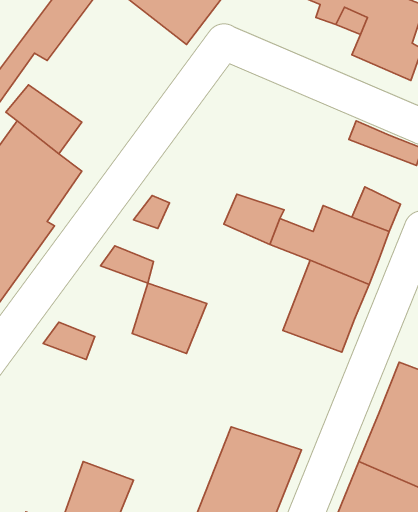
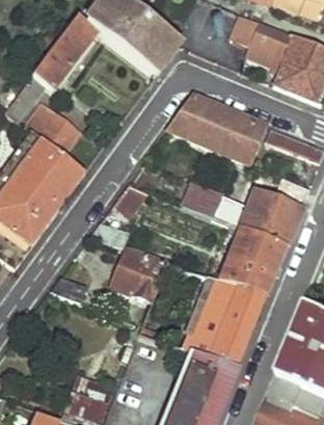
building: none -> [168,97,265,163]
building: none -> [184,278,266,369]

